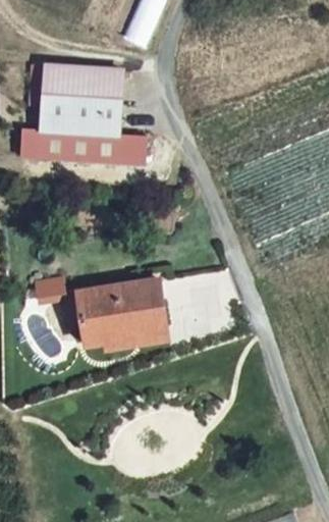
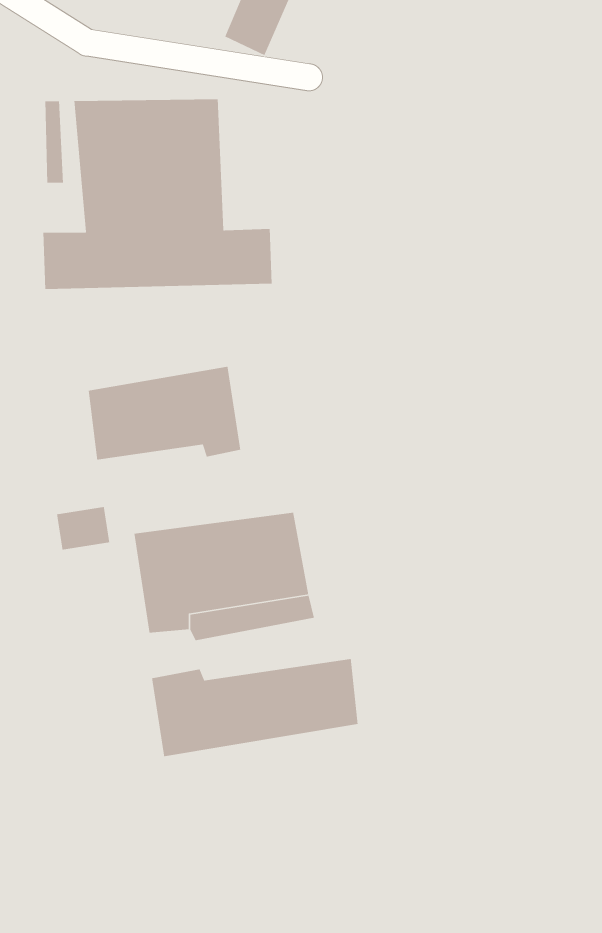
building: none -> [88,366,241,461]
building: none -> [151,658,359,757]

